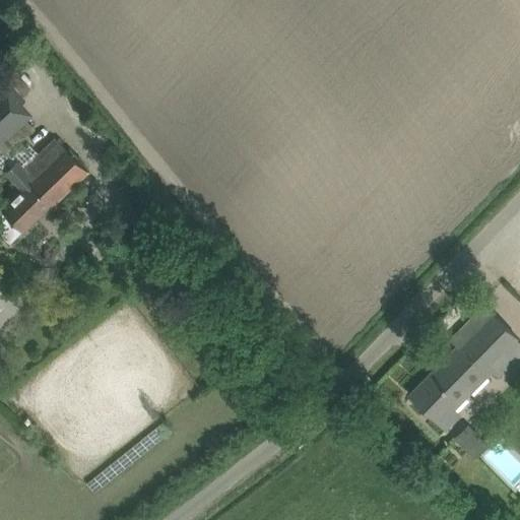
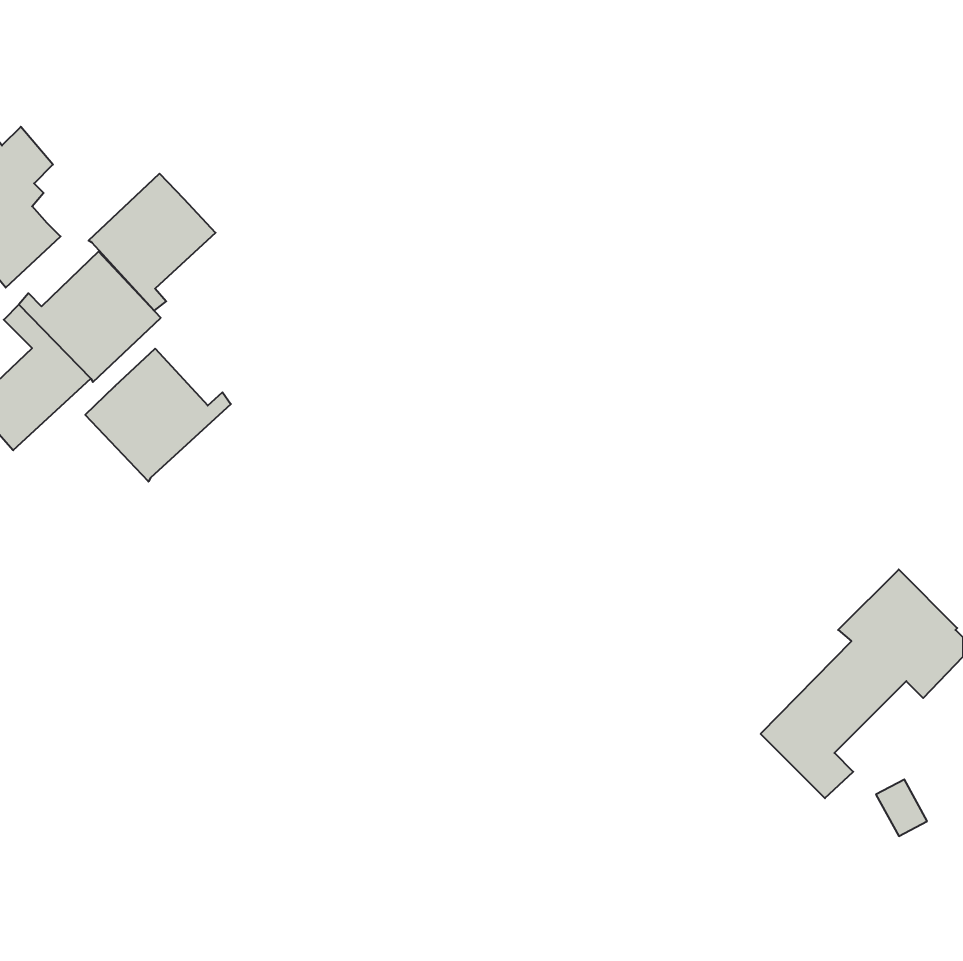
building: none -> [89,174,216,311]
building: none -> [85,349,231,482]

